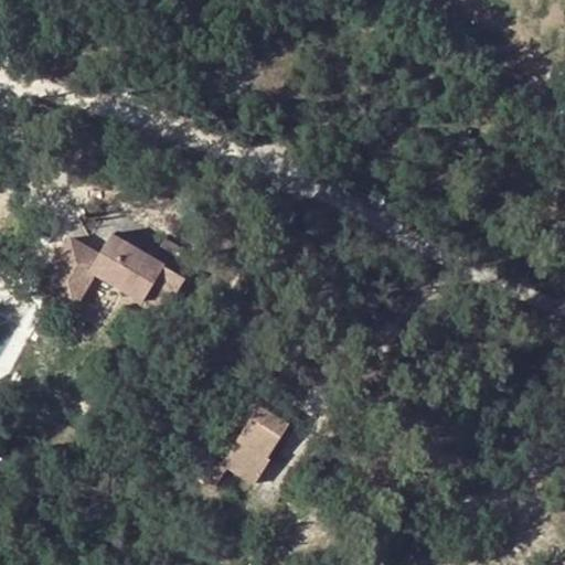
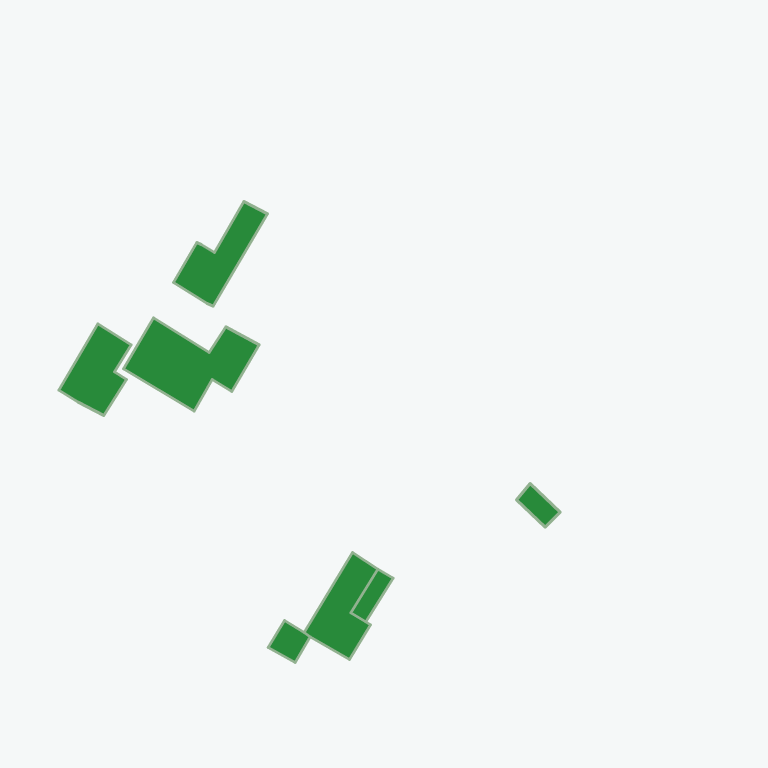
building: none -> [173,201,267,306]

